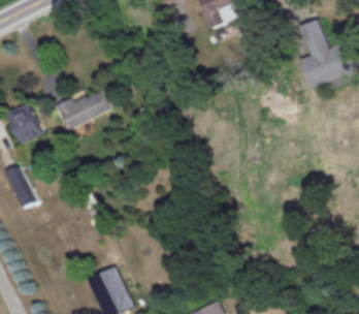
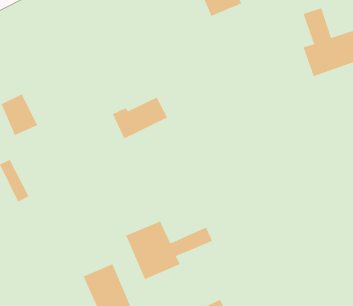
building: [57,88,110,129] -> [112,96,168,140]
building: none -> [125,220,213,280]

